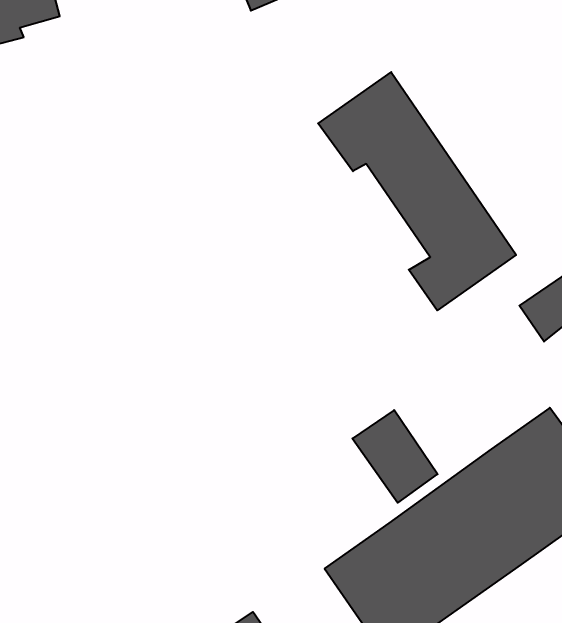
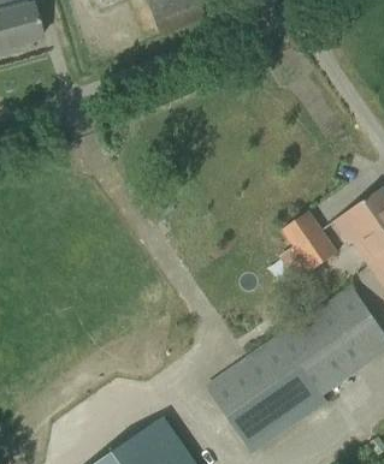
building: [318,72,516,310] -> none
building: [352,410,438,503] -> [282,210,336,269]

